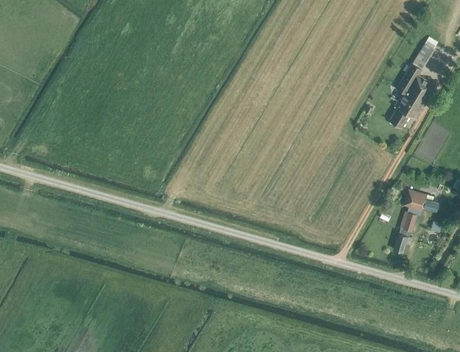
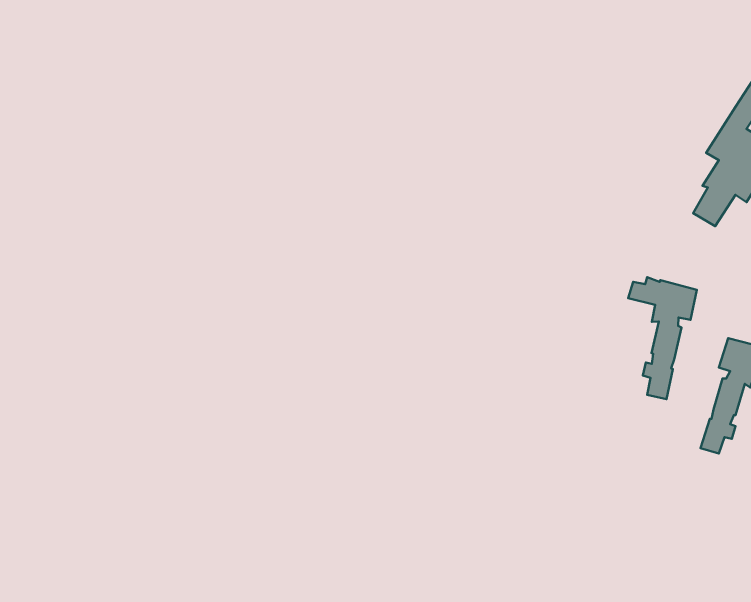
building: none -> [628,277,697,399]

